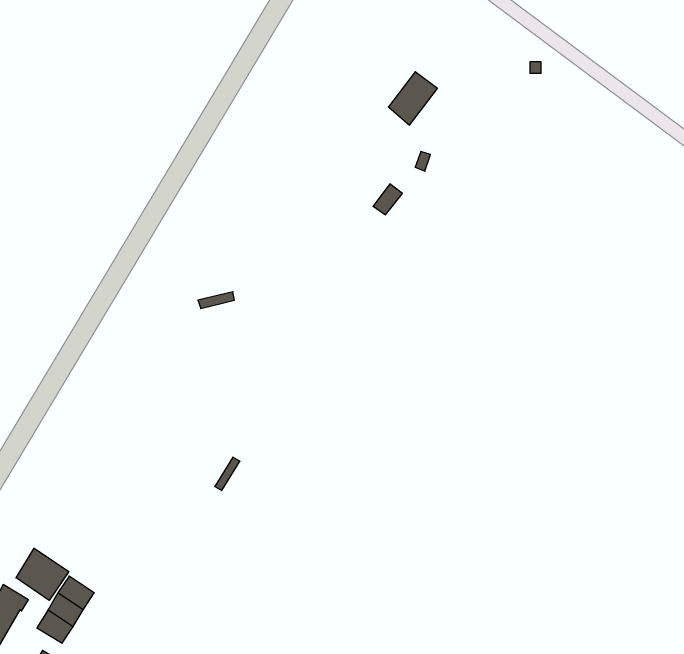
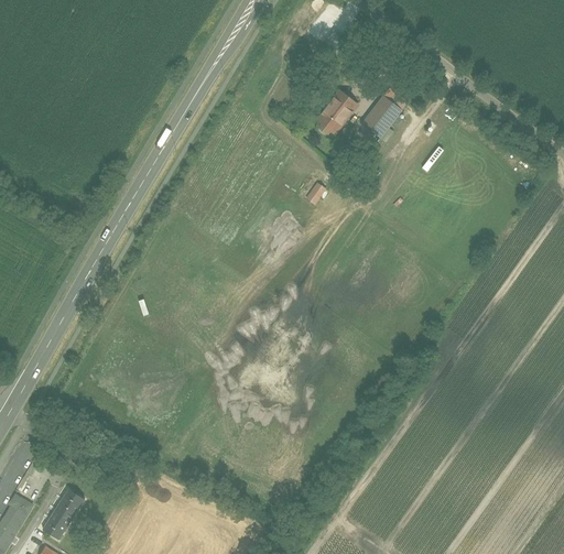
building: none -> [357,94,398,140]
building: [16,548,69,600] -> none

